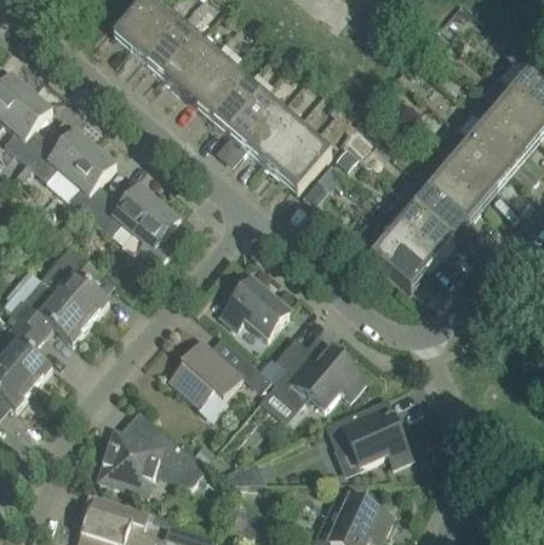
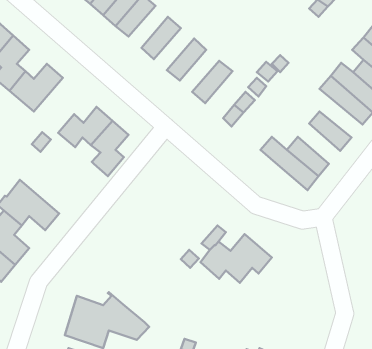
building: [181,52,231,107] -> none
building: [213,81,265,136] -> none
building: [247,109,298,164] -> none
building: [280,137,332,193] -> none
building: [58,145,116,217] -> none
building: [413,160,483,223] -> none
building: [385,193,454,257] -> none
building: [40,245,109,321] -> none
building: [221,280,290,339] -> none
building: [168,338,244,406] -> none
building: [326,409,411,474] -> none

